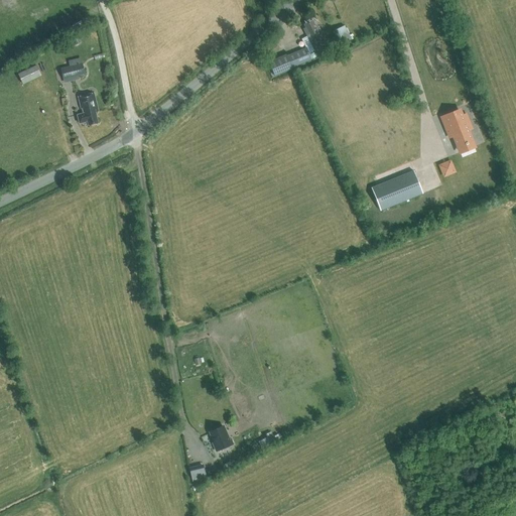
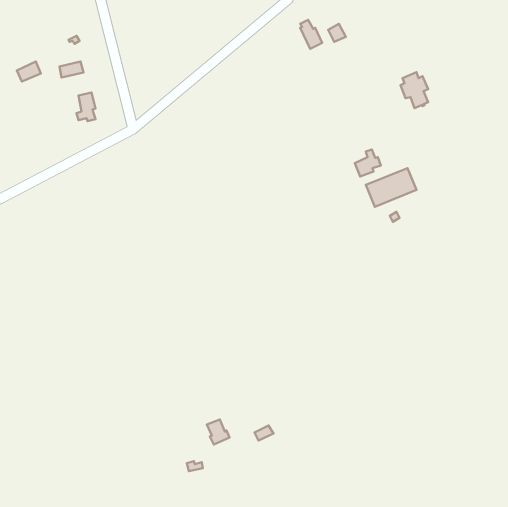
building: [268,47,310,76] -> none
building: [443,110,472,146] -> [400,72,428,108]
building: none -> [355,150,381,177]

